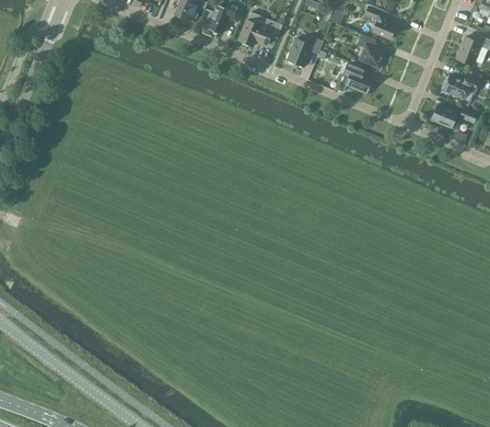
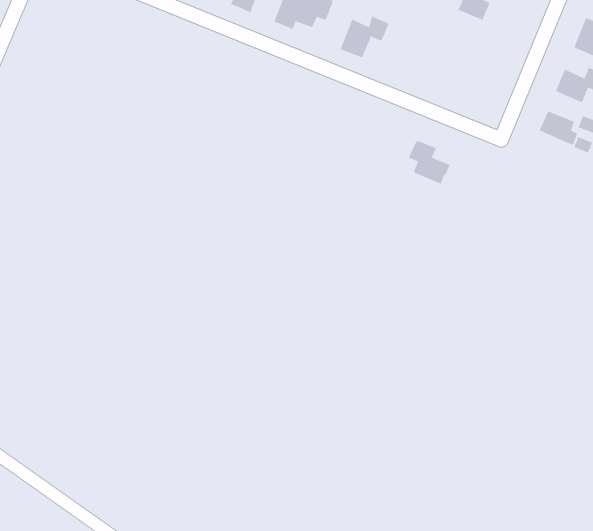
building: [358,33,386,67] -> none
building: [343,61,374,93] -> [408,141,450,184]

